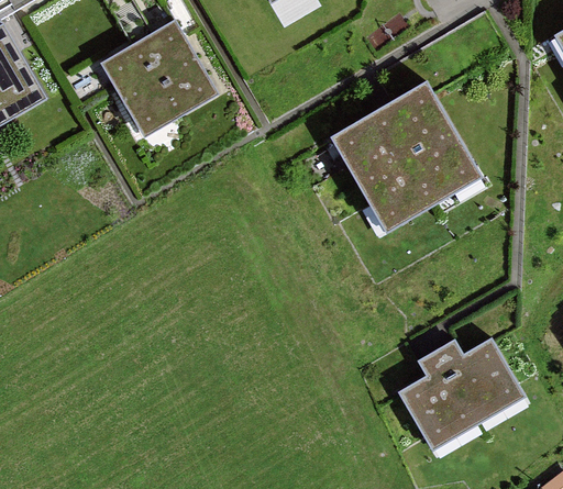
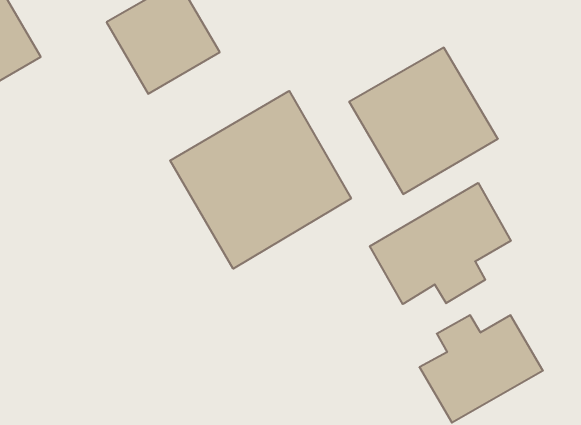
building: none -> [170,91,351,269]
building: none -> [370,183,511,304]

